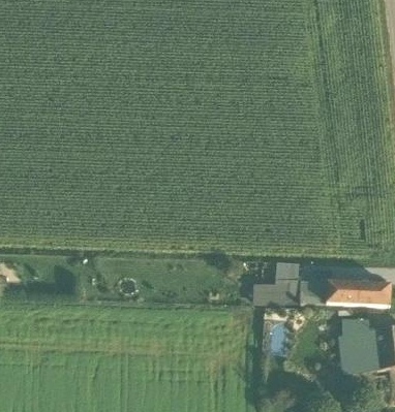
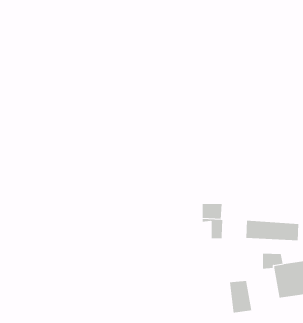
building: [298,279,326,300] -> none
building: [251,281,284,303] -> none
building: [337,336,364,374] -> [229,281,252,313]

